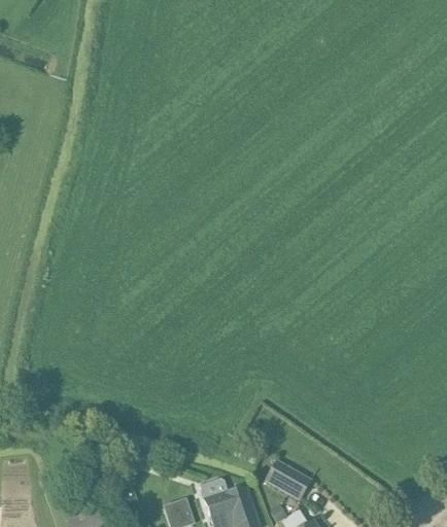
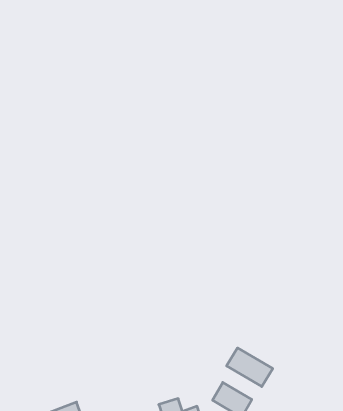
building: none -> [227,348,273,387]

